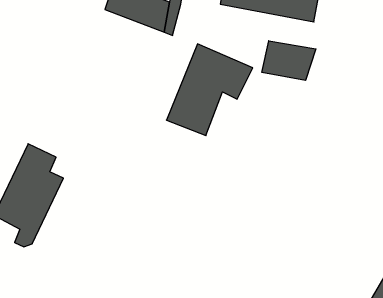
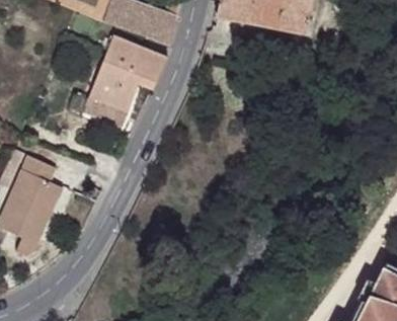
building: [262,41,316,80] -> none
building: [166,44,253,136] -> [83,34,167,124]

